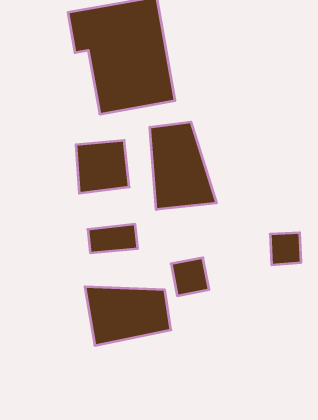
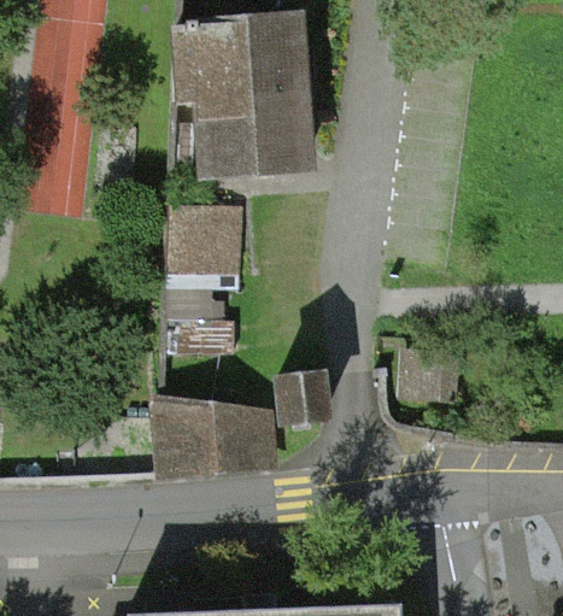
building: [150,122,216,210] -> none

